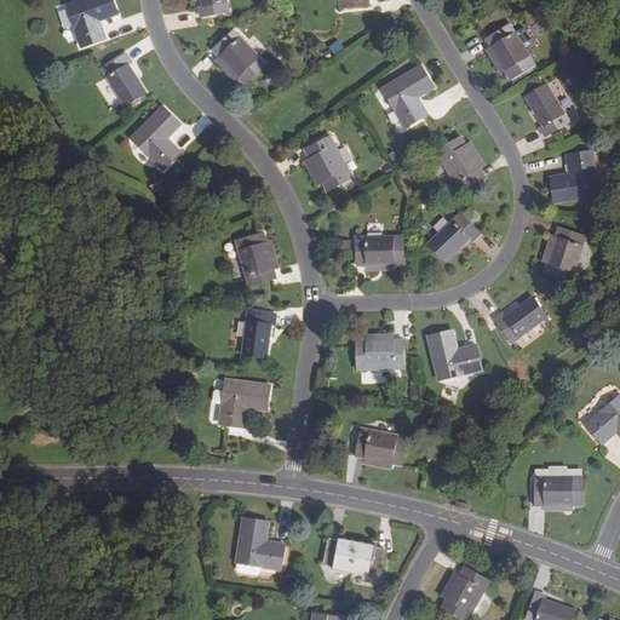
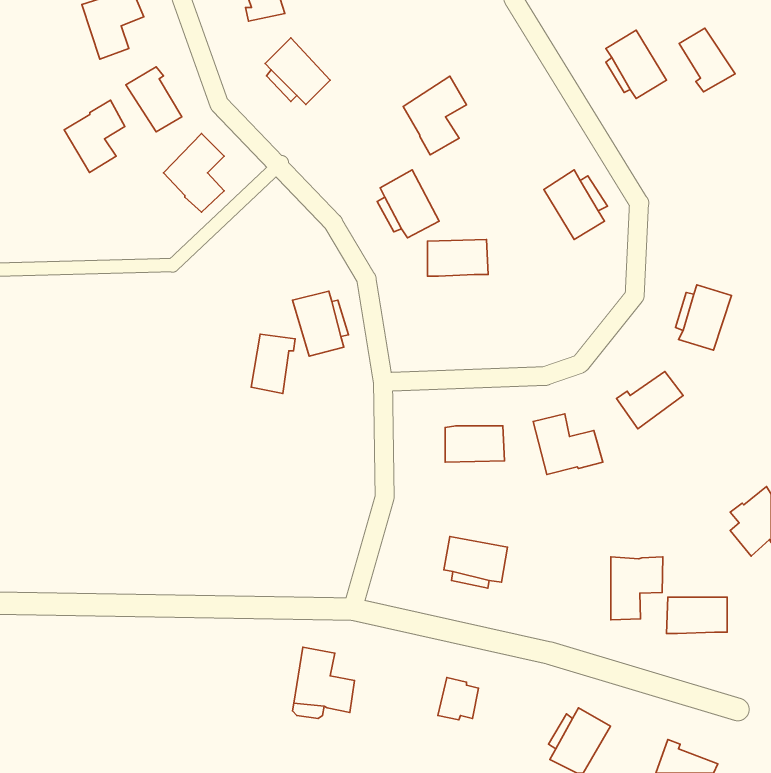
building: [381,64,432,127] -> [403,76,467,155]
building: none -> [64,100,125,173]
building: [524,85,569,136] -> [679,28,735,92]
building: [549,151,598,202] -> none
building: [427,213,478,262] -> none
building: [355,236,403,265] -> [428,240,488,276]
building: [240,311,275,358] -> [251,334,295,393]
building: [219,379,269,426] -> none
building: none -> [611,557,663,620]
building: [322,538,357,572] -> none

